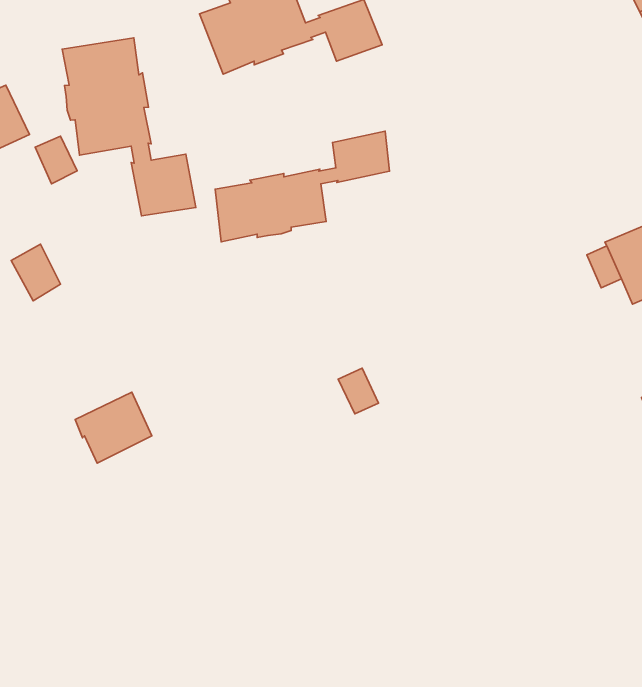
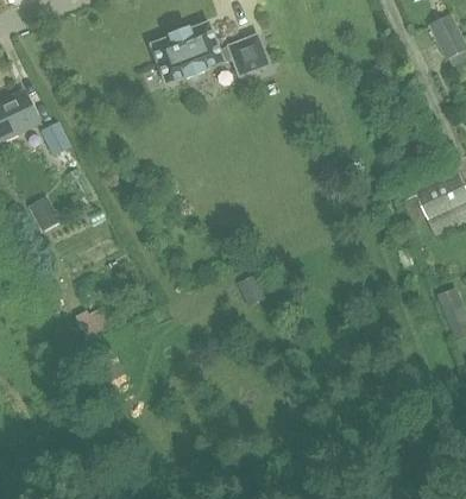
building: [62,38,196,216] -> none
building: [215,131,390,242] -> none

